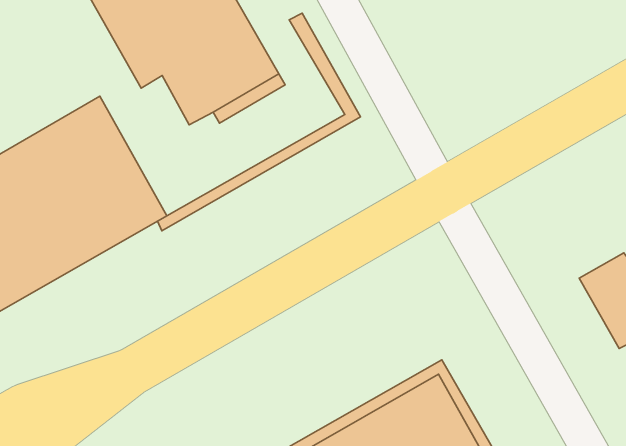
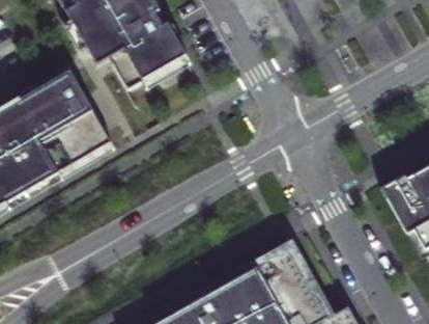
building: [158,13,361,231] -> none

